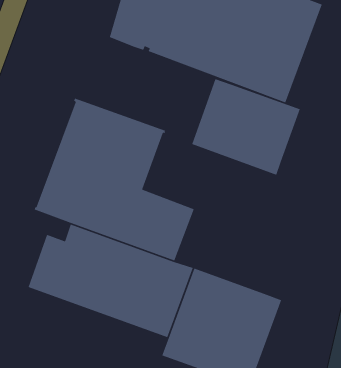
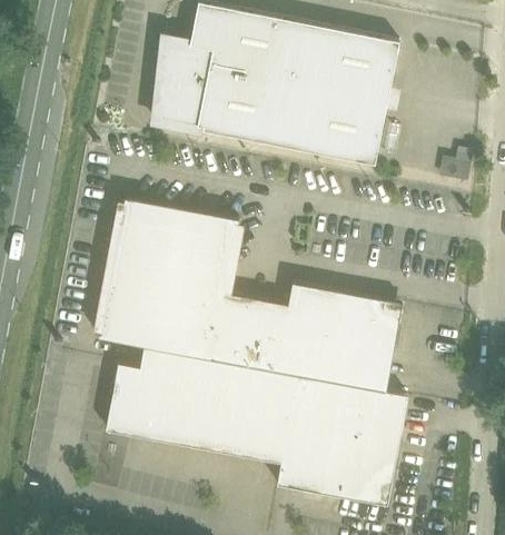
building: [191,78,301,176] -> none
building: none -> [274,283,397,392]

